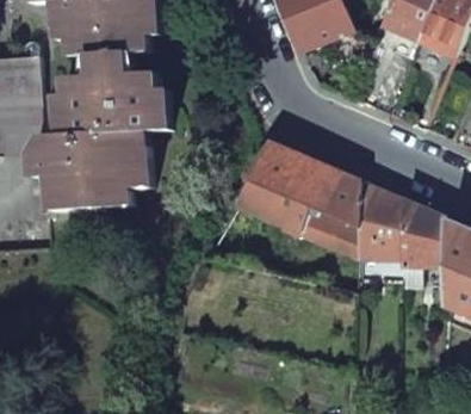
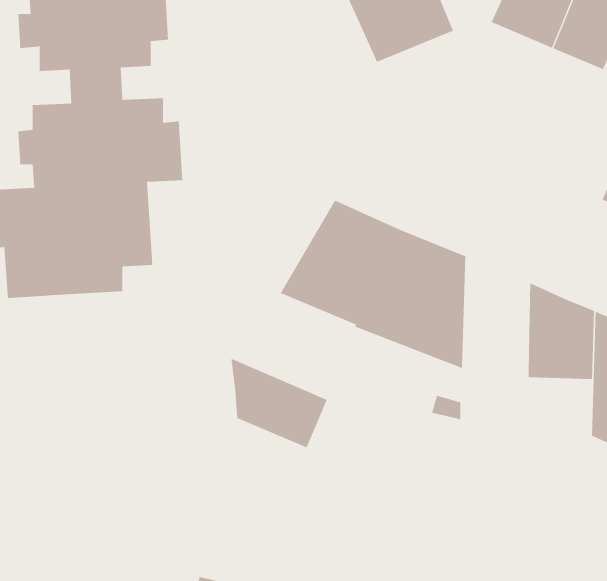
building: [359,183,404,260] -> none
building: none -> [231,358,327,448]

